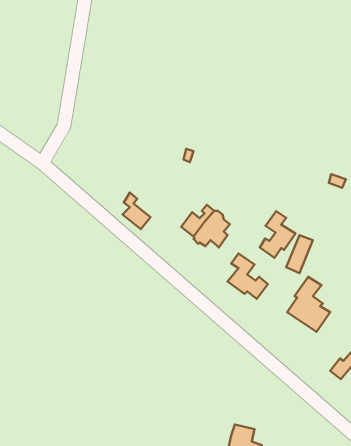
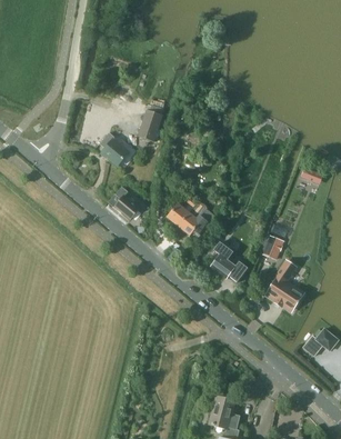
building: none -> [139,103,167,141]
building: none -> [100,132,130,166]
building: [260,211,296,258] -> none

